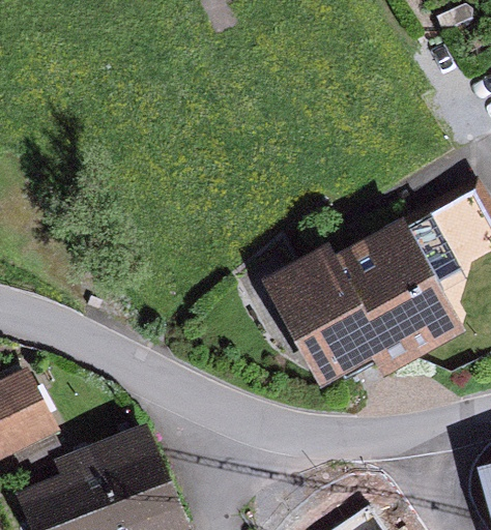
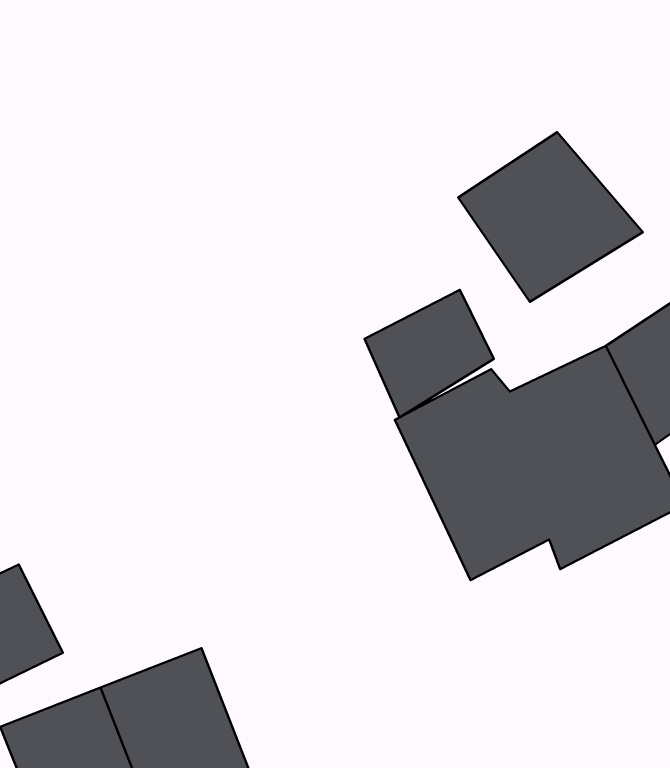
building: none -> [458,132,643,302]
building: none -> [365,290,494,417]

